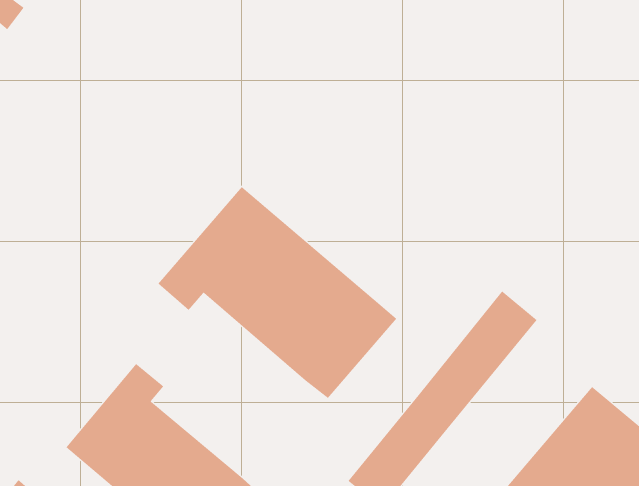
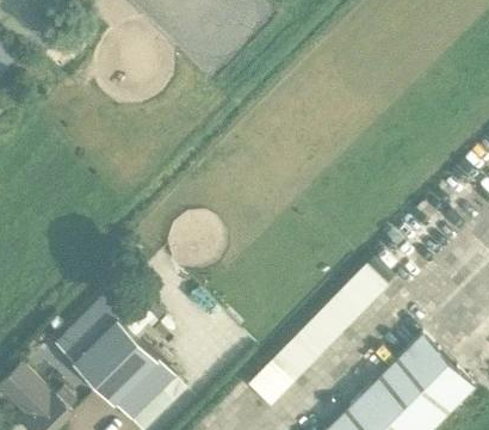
building: [157,186,397,399] -> none

